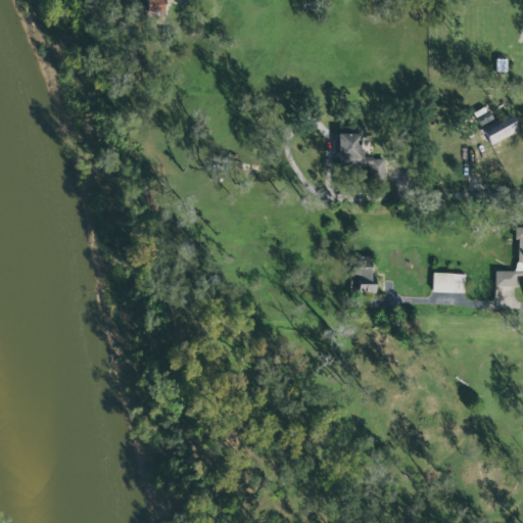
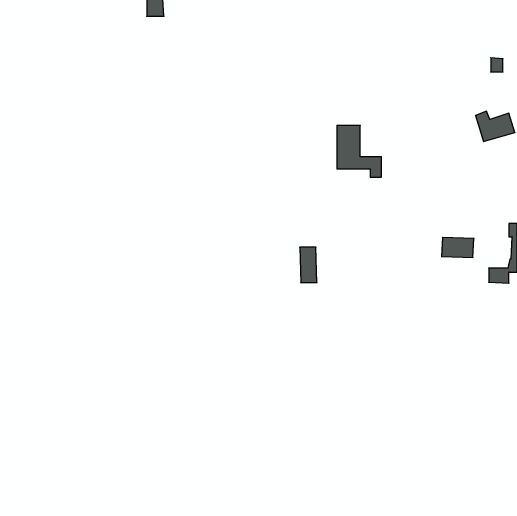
building: [359,257,376,293] -> [300,247,317,283]
building: [433,273,466,293] -> [442,237,474,258]

